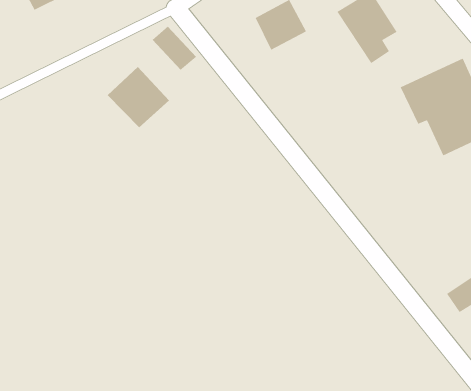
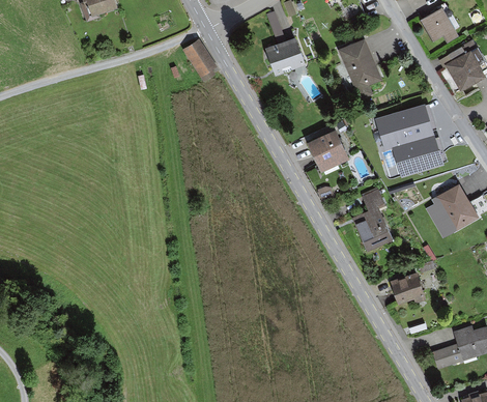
building: [107,66,170,128] -> none
building: none -> [308,132,346,169]
building: none -> [354,191,394,248]

